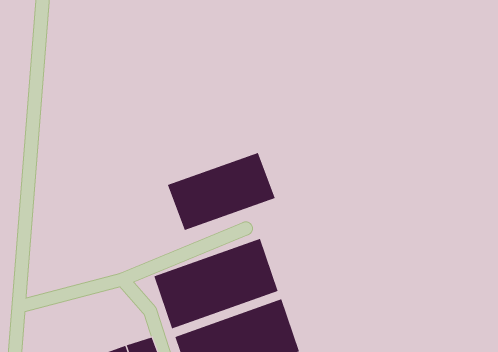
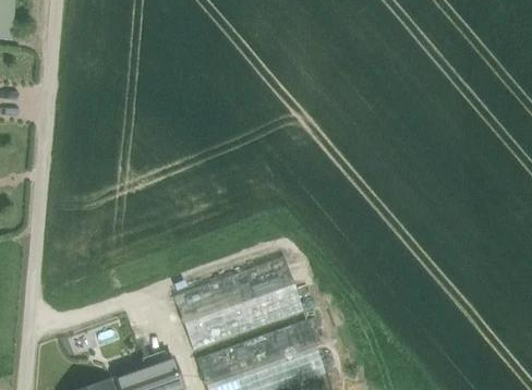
building: [167,152,275,231] -> none

